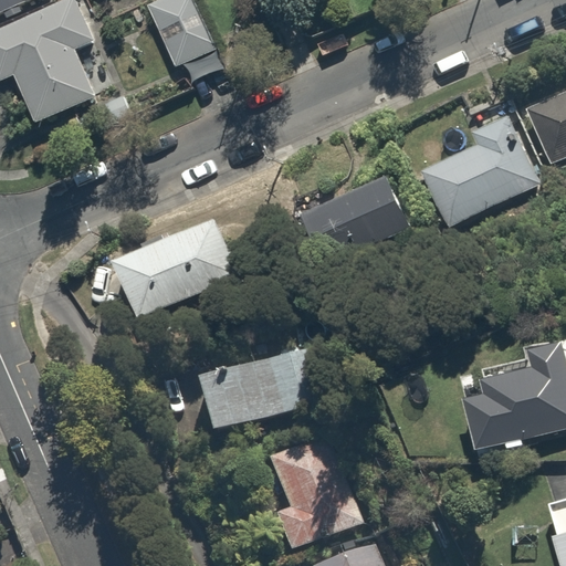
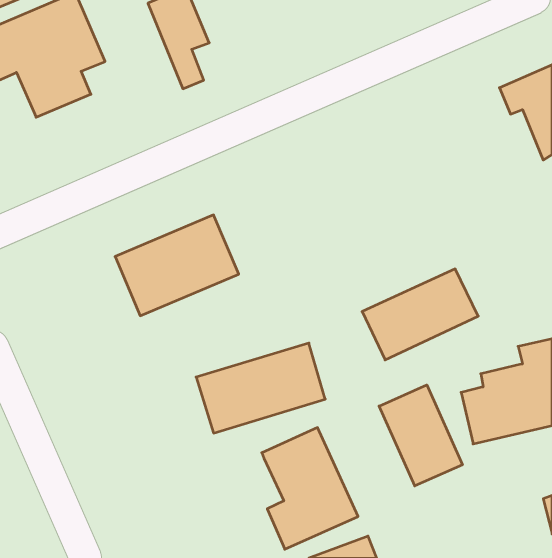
building: [415,114,538,218] -> none
building: [298,171,416,263] -> [362,269,478,360]
building: none -> [379,385,462,486]

